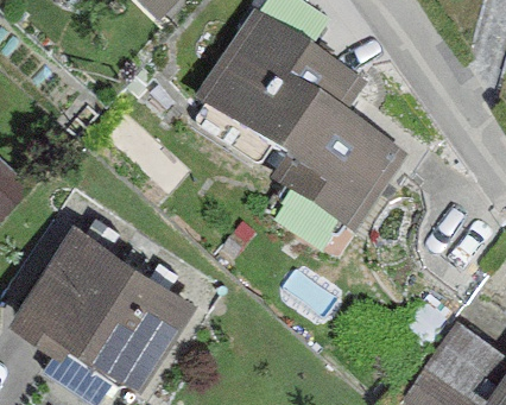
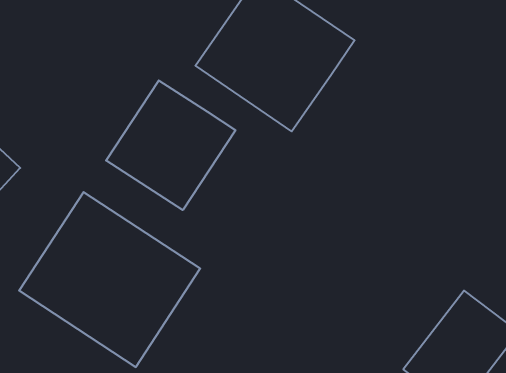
building: [278,106,405,230] -> none
building: none -> [106,80,235,210]

